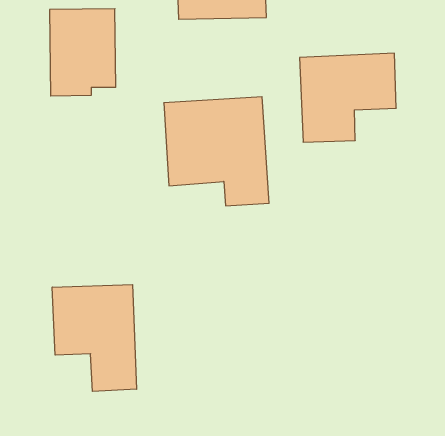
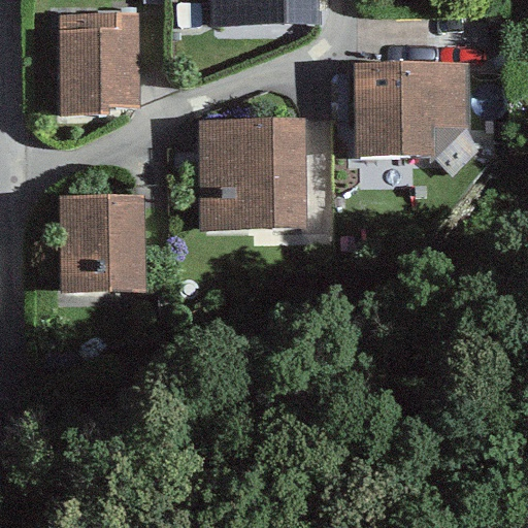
building: none -> [52,193,145,303]
building: [52,285,137,391] -> none

